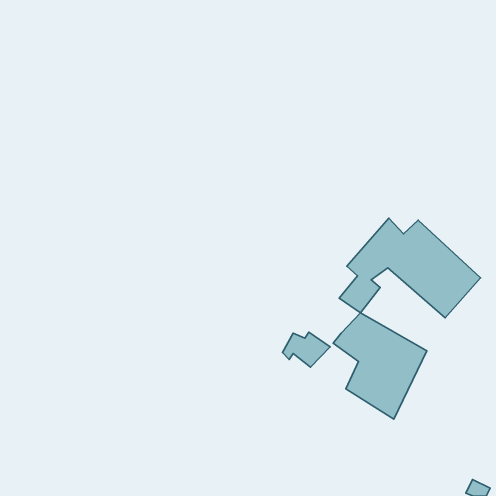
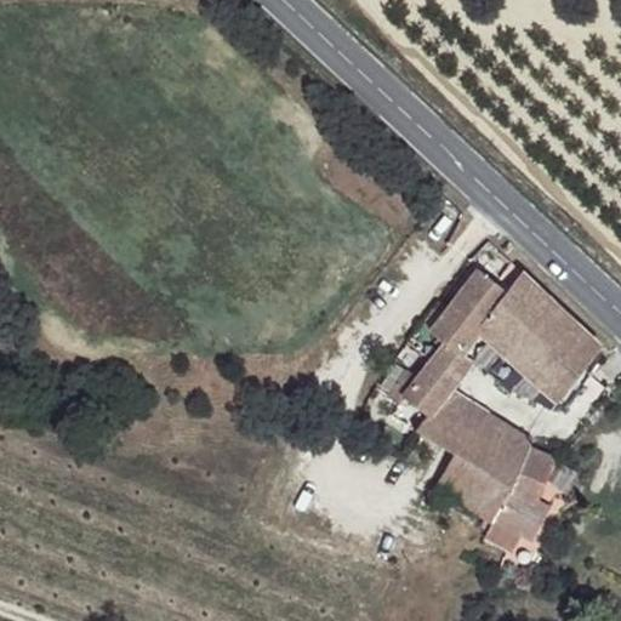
building: [282,332,330,367] -> [392,371,451,415]
building: none -> [486,437,560,559]

